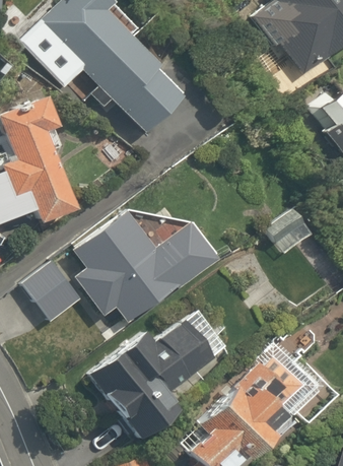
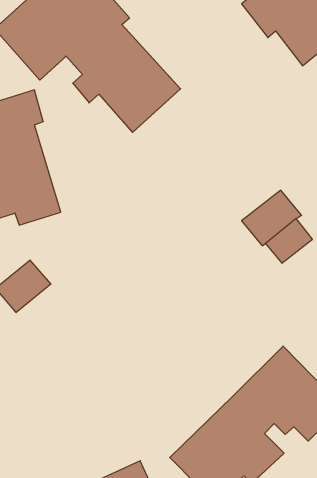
building: [72,211,218,324] -> none
building: [87,310,225,439] -> none

